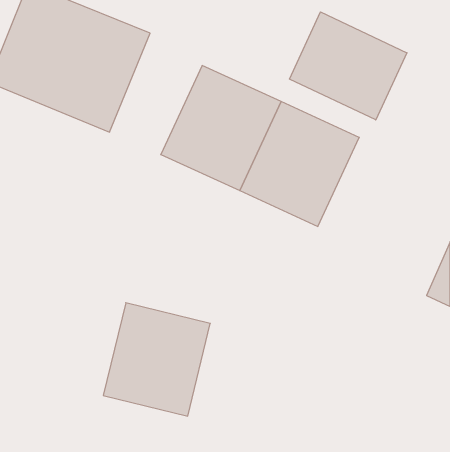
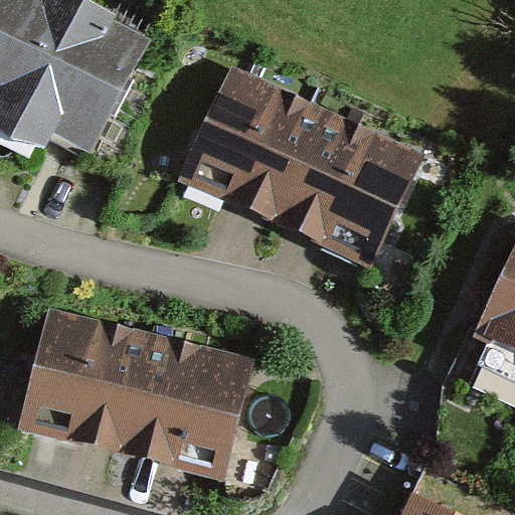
building: [289,12,407,120] -> none
building: none -> [21,317,141,443]

